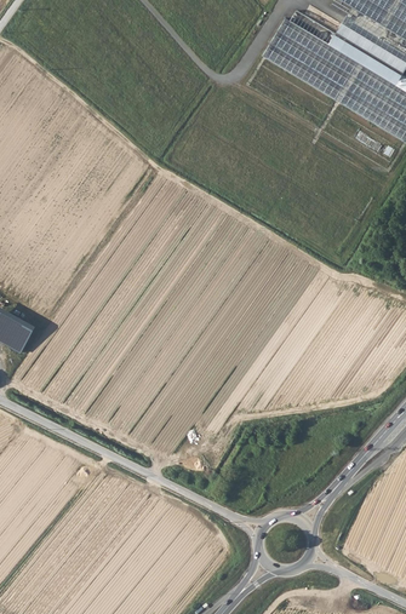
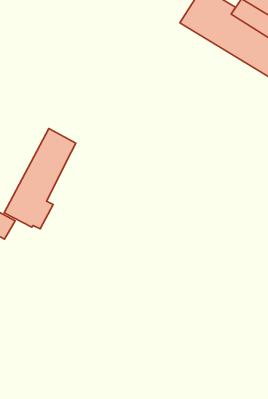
building: none -> [4,129,76,229]

